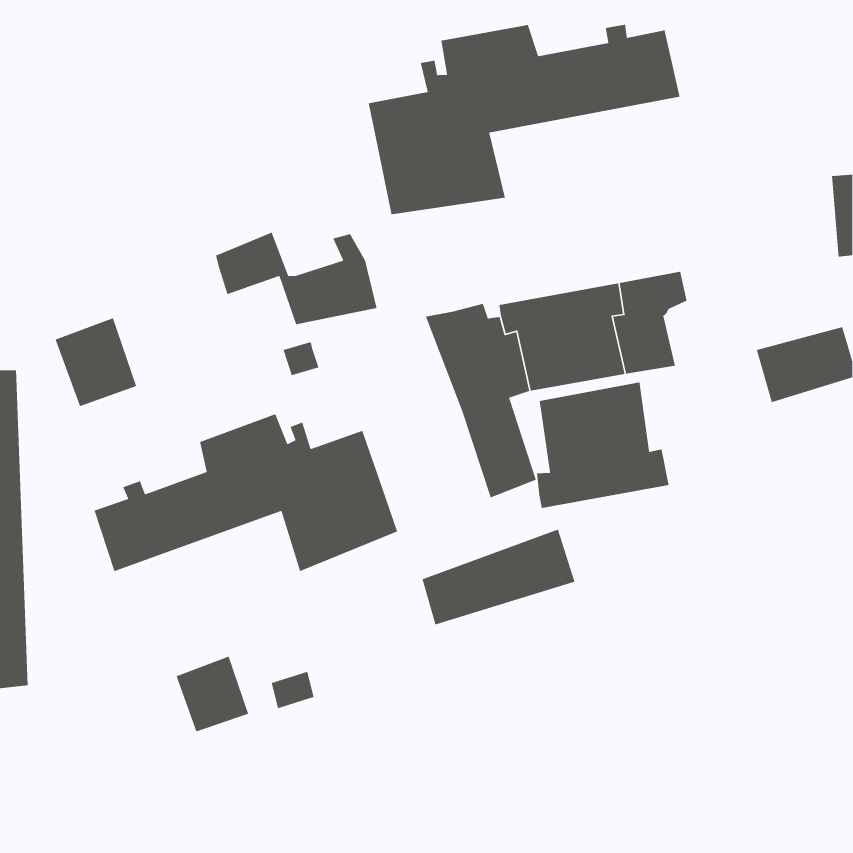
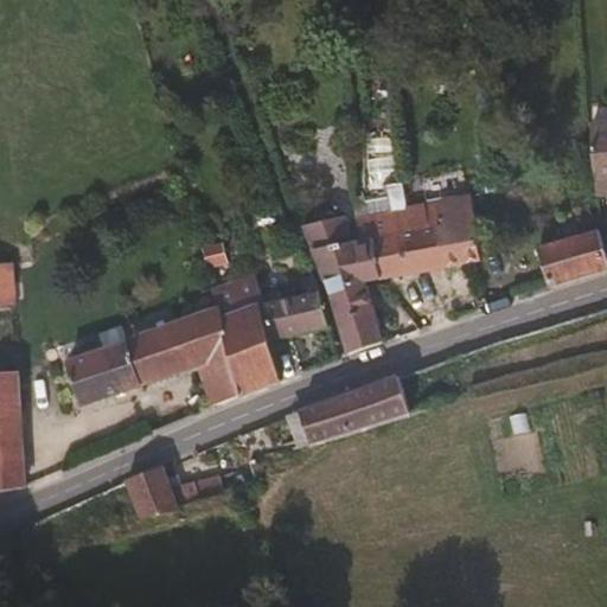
building: [368,24,680,215] -> none
building: [215,232,377,325] -> [212,273,327,339]
building: [55,317,137,407] -> none
building: [536,382,669,509] -> none

